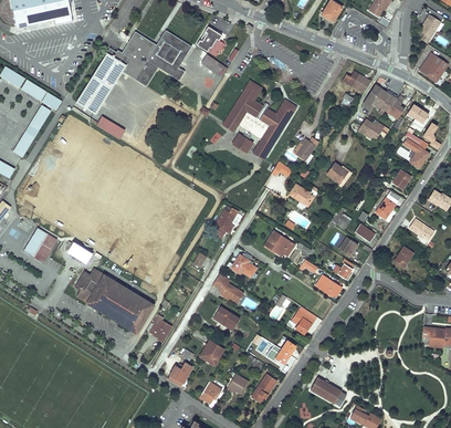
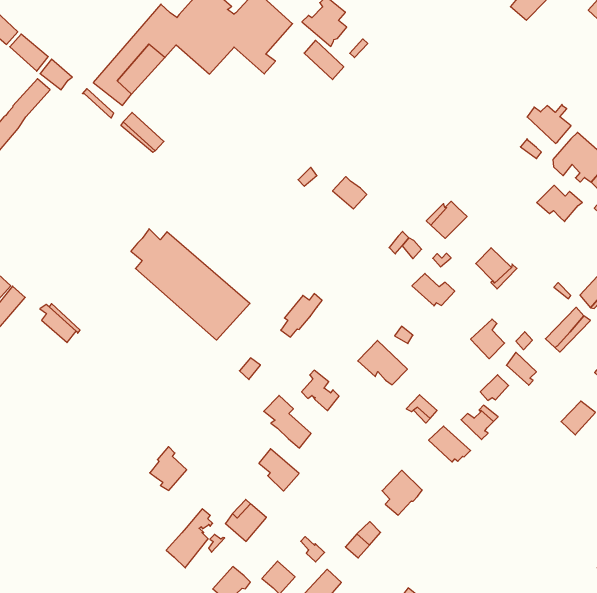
building: [222,81,296,159] -> none
building: [75,271,153,332] -> [131,229,250,340]

